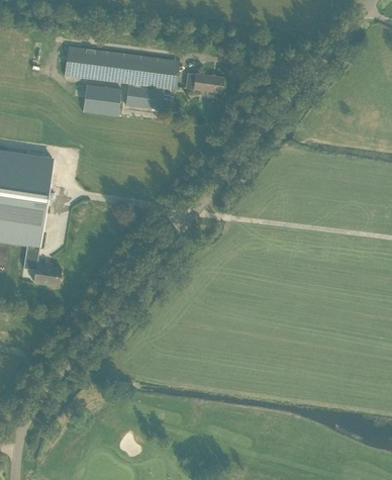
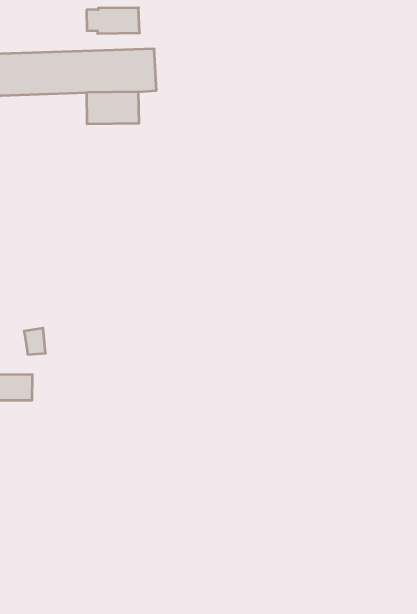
building: [185,73,222,94] -> [87,8,140,34]
building: [82,83,120,115] -> none

